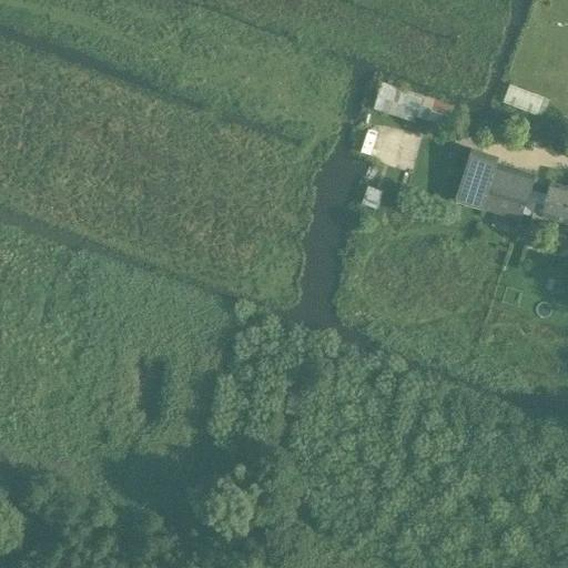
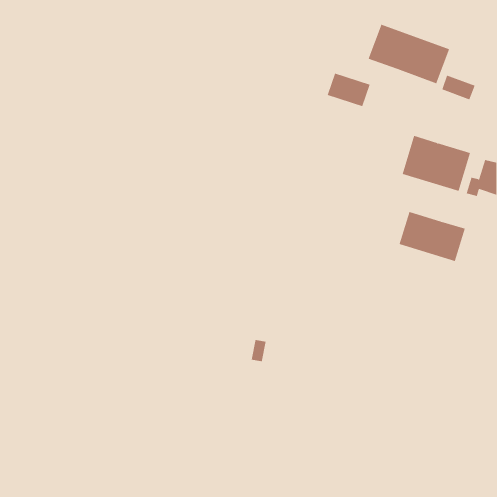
building: none -> [368,24,450,84]
building: none -> [399,211,465,262]

